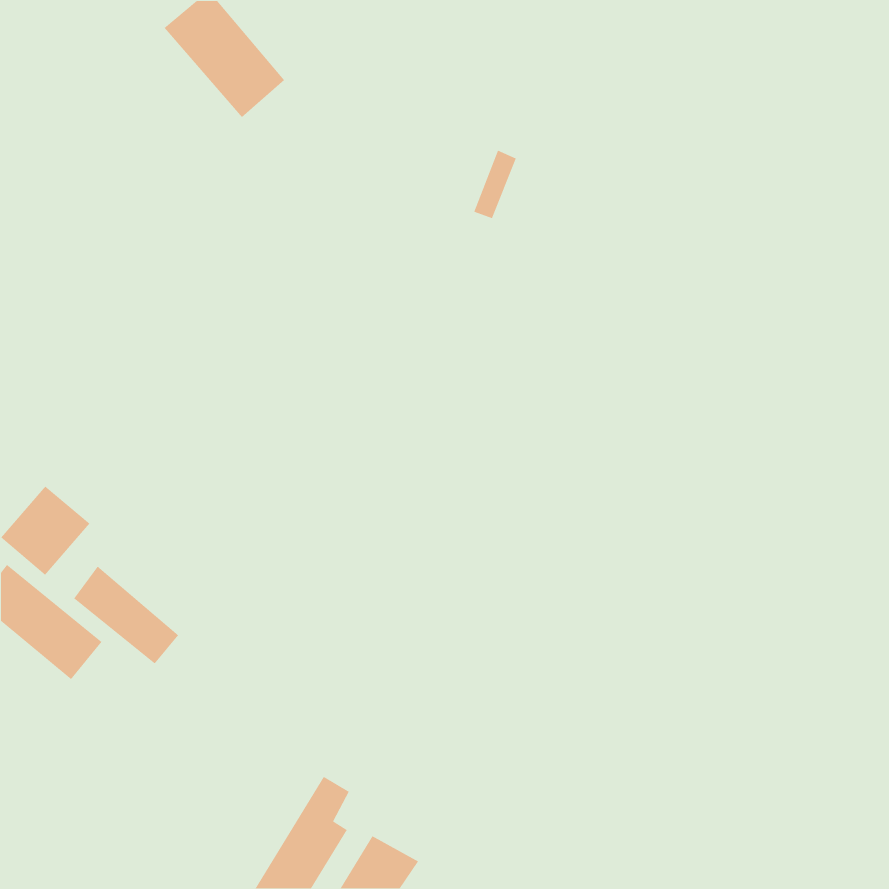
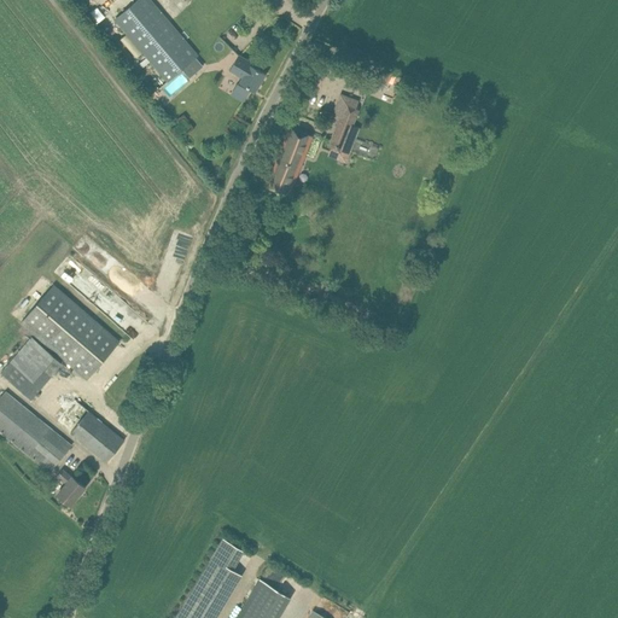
building: none -> [231,54,266,103]
building: none -> [267,127,313,196]
building: none -> [22,285,119,379]
building: none -> [57,468,86,505]

